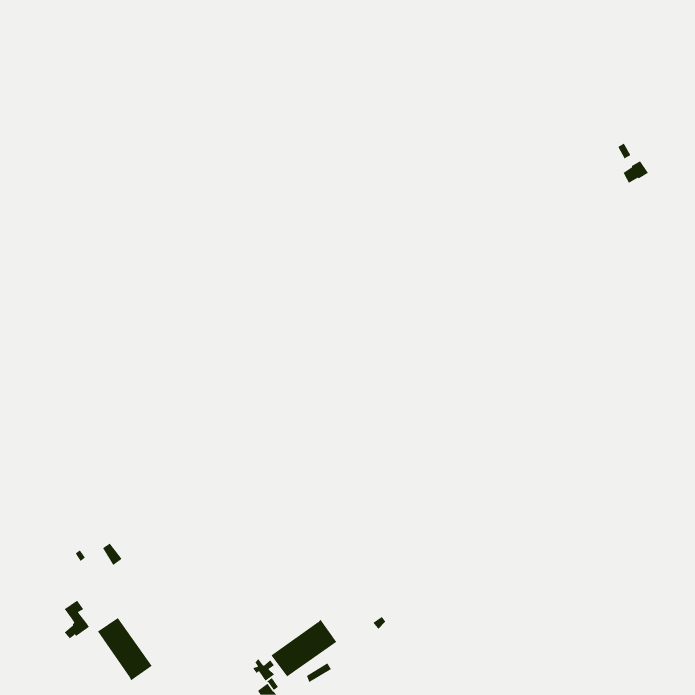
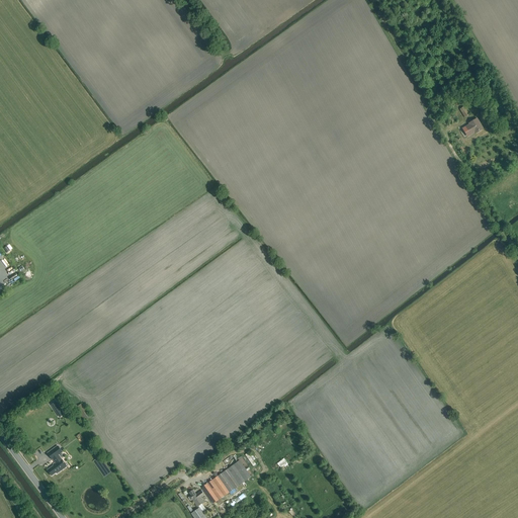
building: [97,617,152,681] -> none

